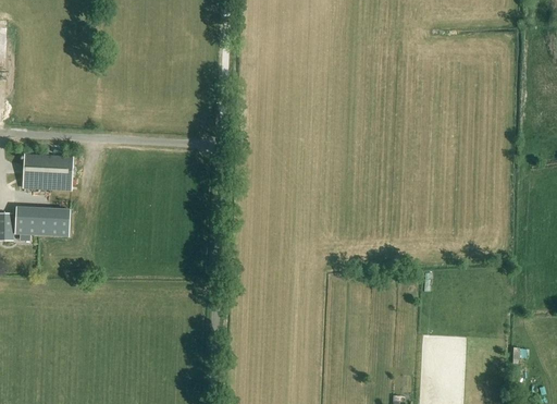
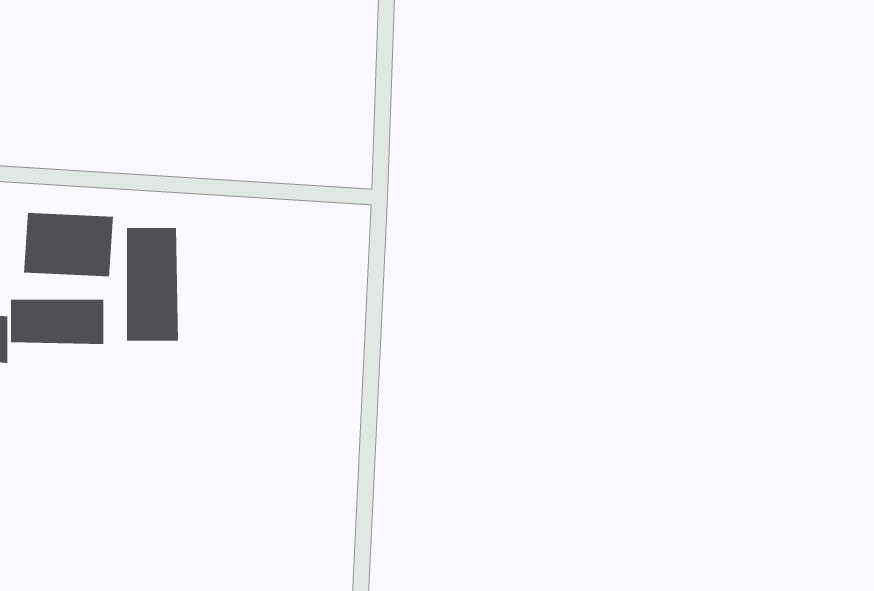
building: none -> [126,227,179,342]

